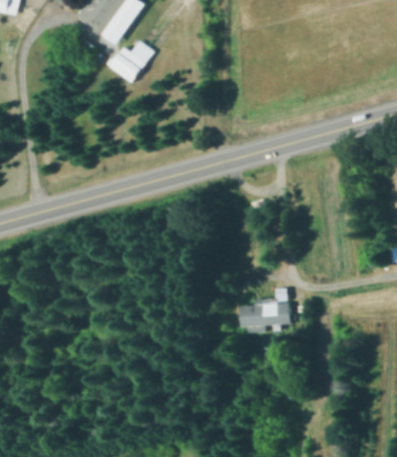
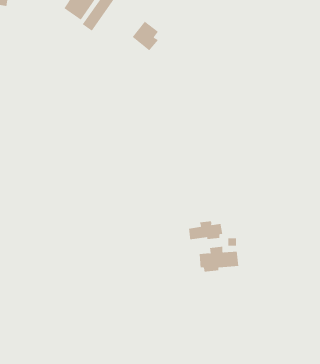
building: [112,47,144,83] -> [132,21,159,51]
building: none -> [189,220,223,240]

